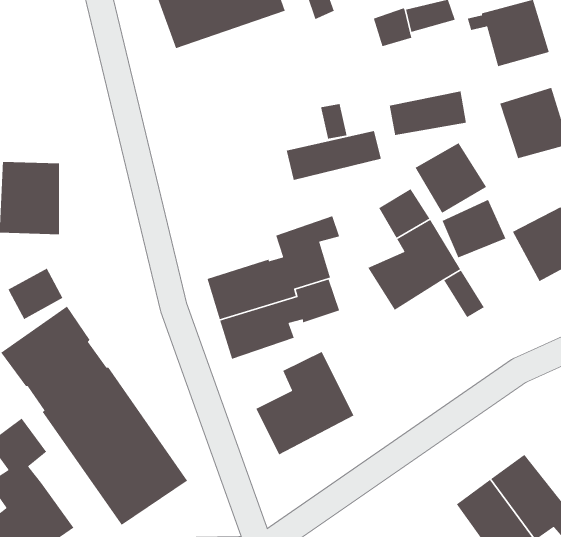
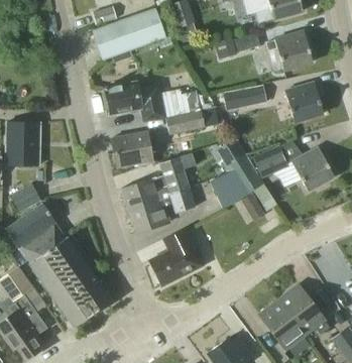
building: none -> [105,81,164,122]
building: [414,142,487,214] -> none
building: none -> [112,131,154,167]

